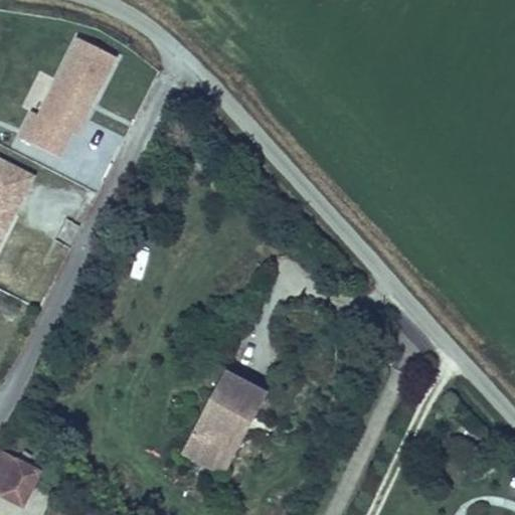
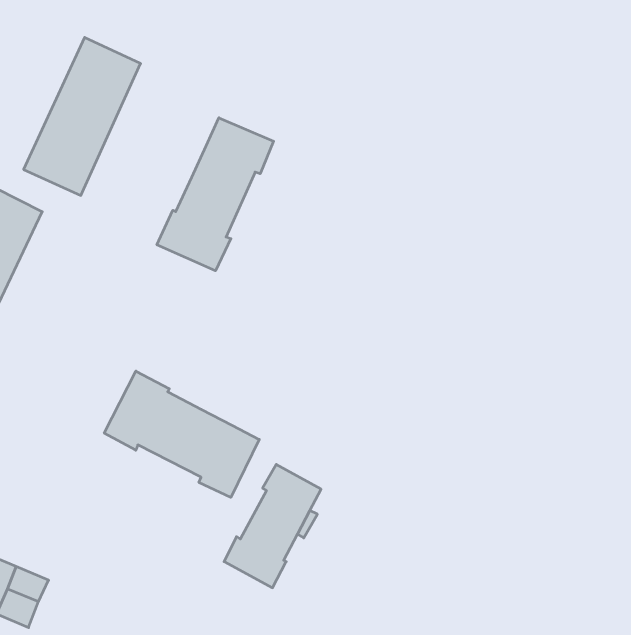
building: none -> [157,118,274,271]
building: none -> [104,371,259,497]

